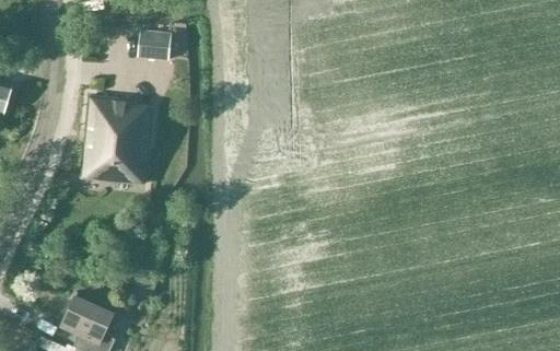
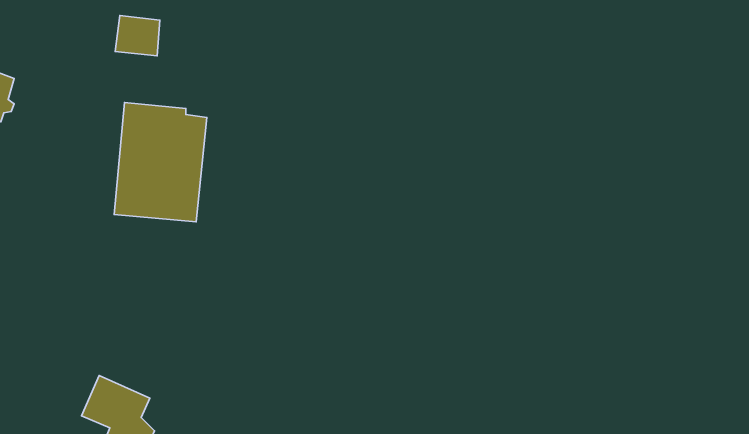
building: [138,28,171,58] -> [115,16,160,56]

